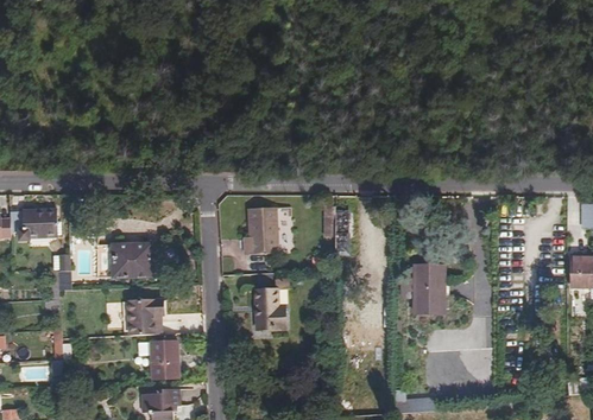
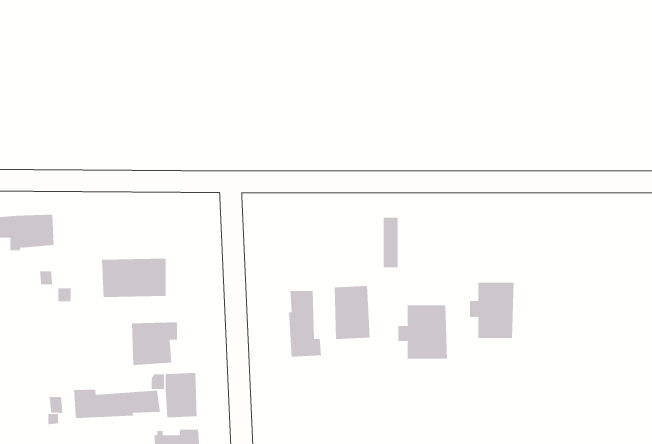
building: [248,209,279,254] -> [334,286,371,339]
building: none -> [398,305,448,360]
building: none -> [74,389,161,419]

